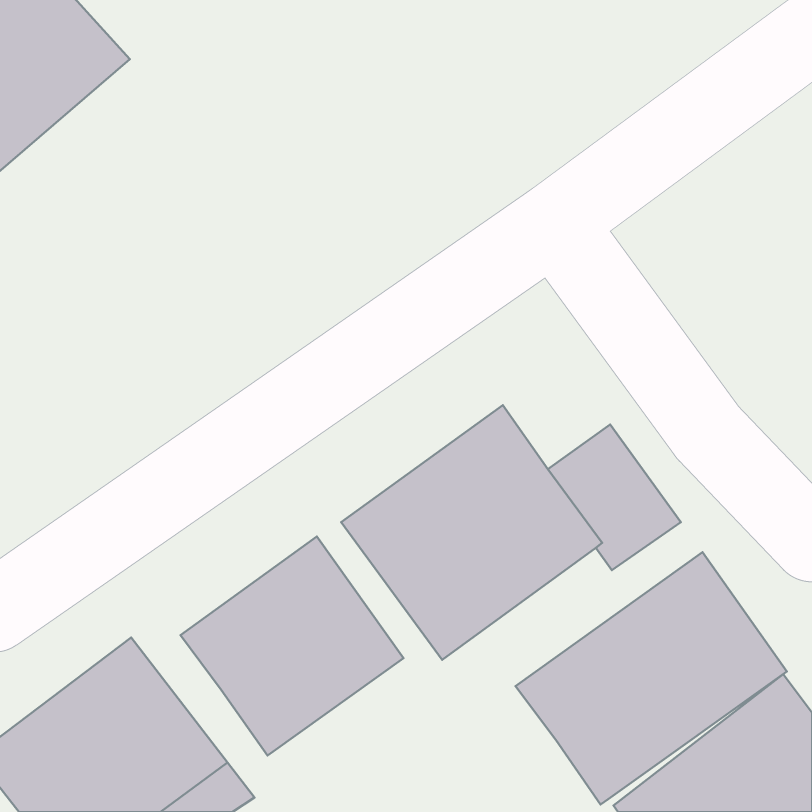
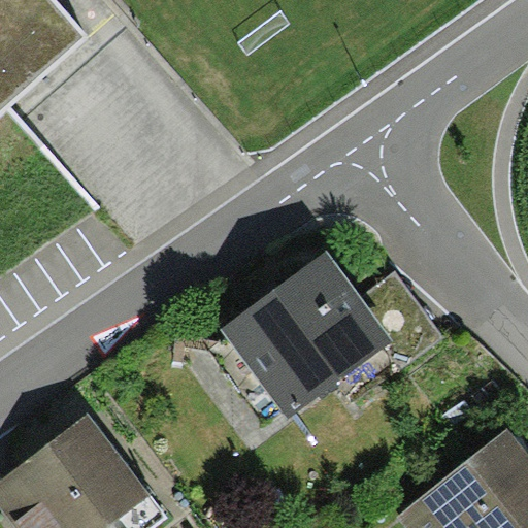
building: [180,537,404,755] -> none
building: [516,552,787,804] -> none

